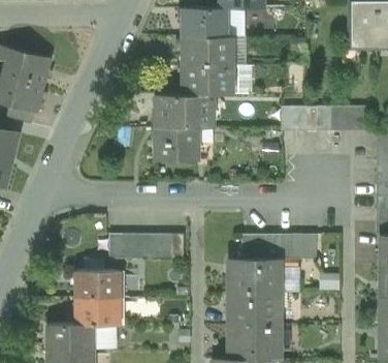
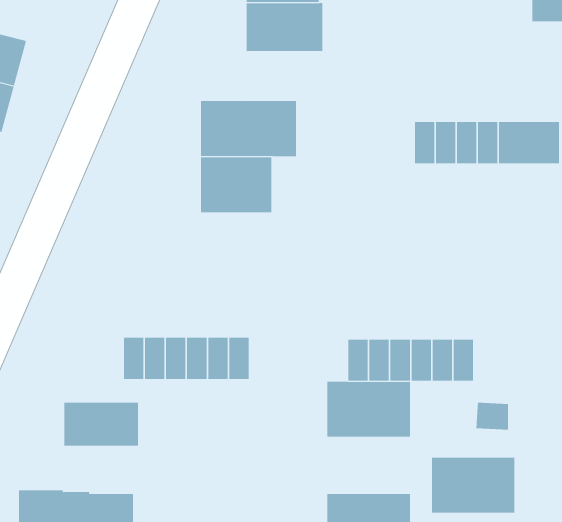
building: [182,65,252,94] -> none
building: [229,293,279,326] -> [431,457,515,513]
building: [74,298,119,326] -> none

